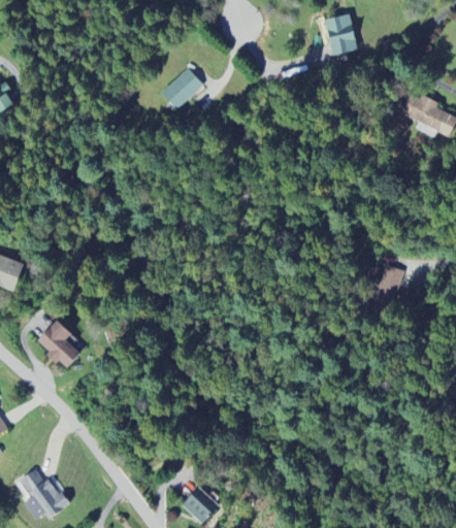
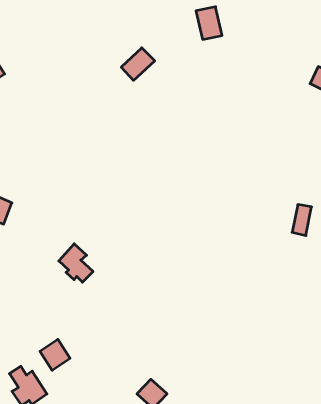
building: [325,13,358,55] -> [196,7,222,39]
building: [37,318,80,366] -> [59,244,93,282]
building: none -> [40,339,70,370]

